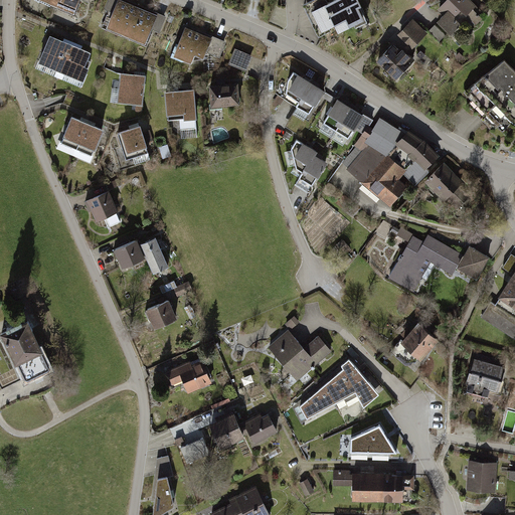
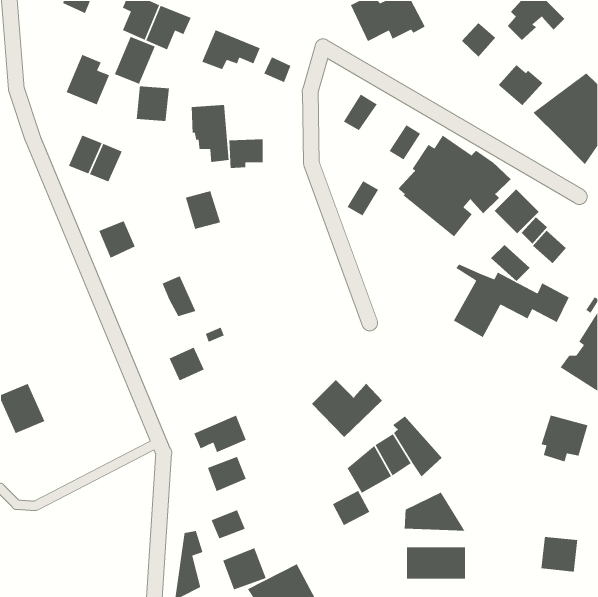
building: [34,38,70,80] -> [114,36,156,85]
building: [375,44,414,80] -> [498,64,543,106]
building: [286,72,310,101] -> none
building: [207,84,237,111] -> [229,139,264,169]
building: [322,100,349,131] -> none
building: [117,126,148,160] -> [185,190,221,230]
building: [291,142,314,174] -> none
building: none -> [532,230,567,264]
building: none -> [490,244,531,282]
building: [113,239,145,270] -> none
building: [399,322,438,359] -> none
building: [243,411,277,443] -> [332,490,370,526]
building: [209,414,243,446] -> [207,456,247,492]
building: none -> [222,547,267,591]

